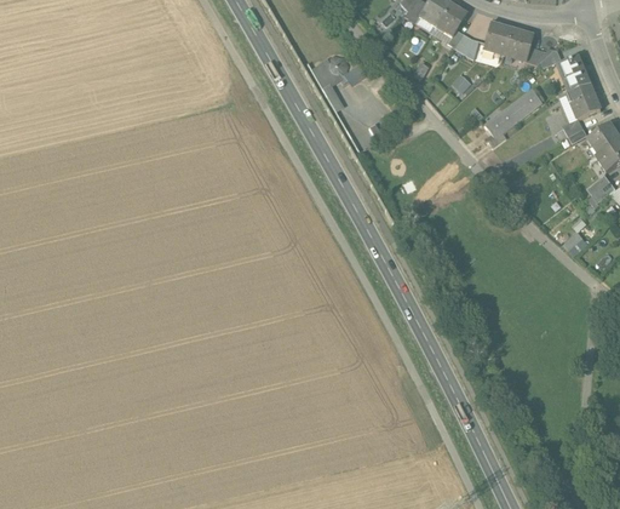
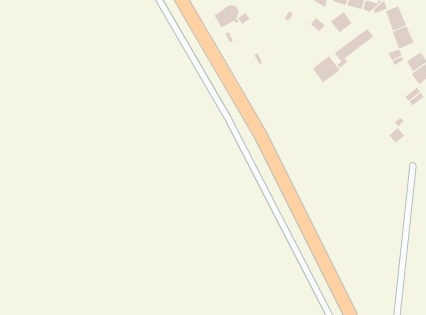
building: none -> [330,11,352,34]
building: none -> [312,55,340,84]

